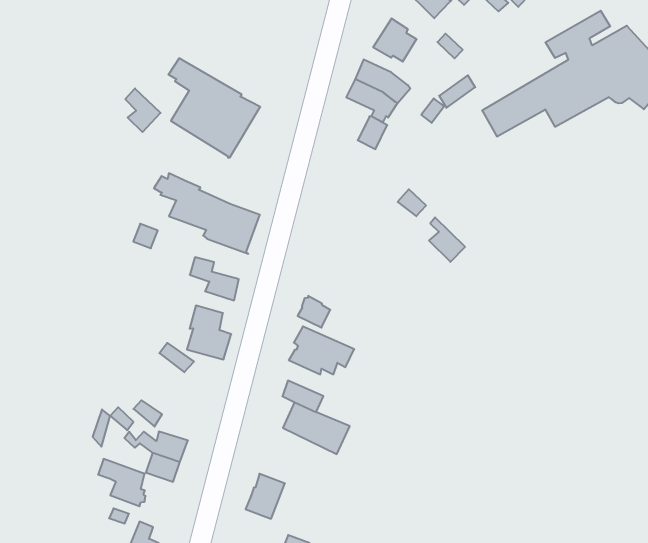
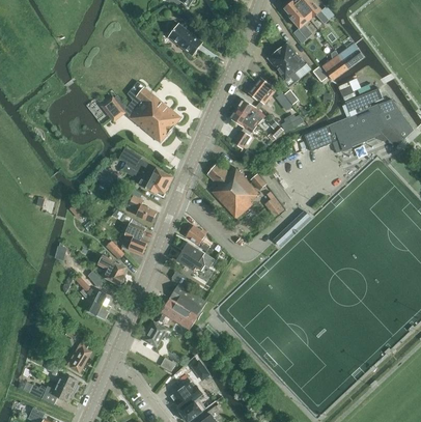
building: none -> [206,162,258,218]
building: none -> [160,297,197,329]
building: [98,459,146,506] -> [99,255,124,284]

